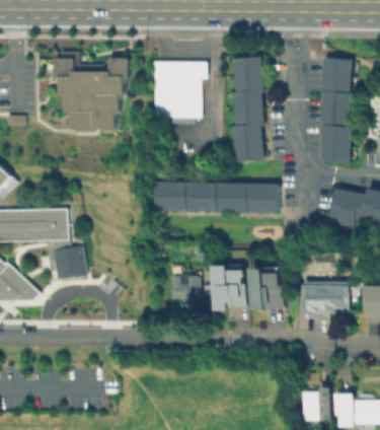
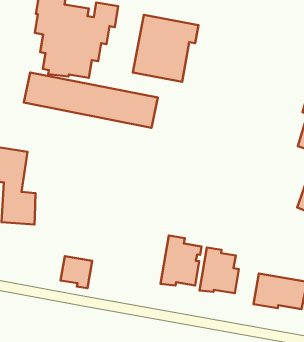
building: [229,55,264,163] -> none
building: [153,180,278,212] -> [24,72,158,128]
building: [171,275,198,301] -> [61,256,92,288]

